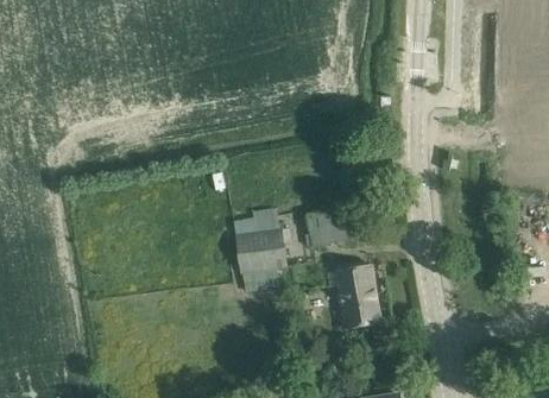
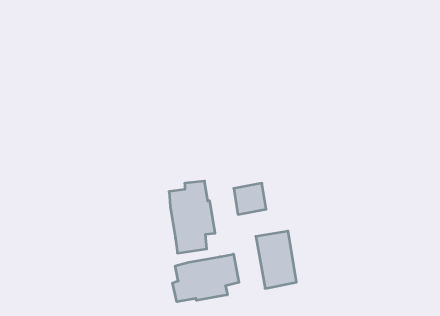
building: none -> [173,254,239,302]

